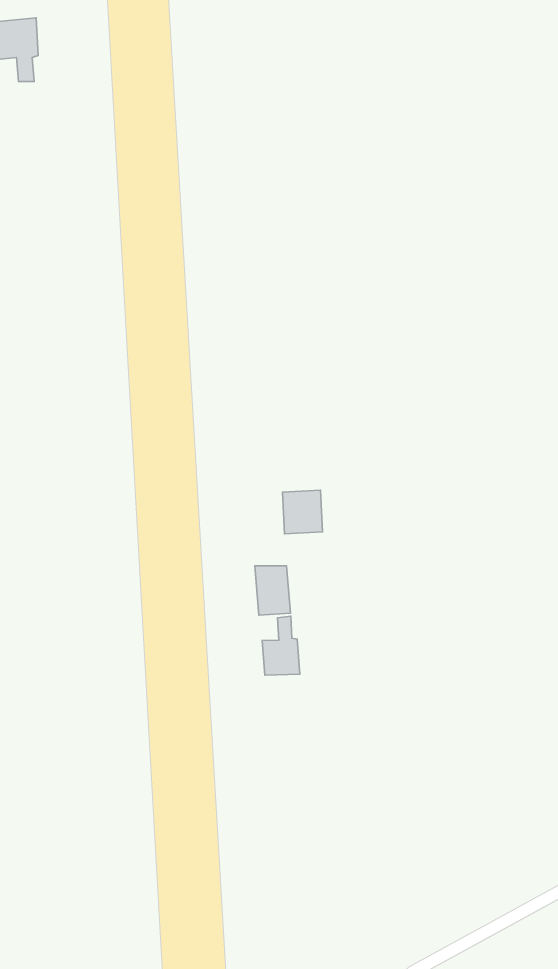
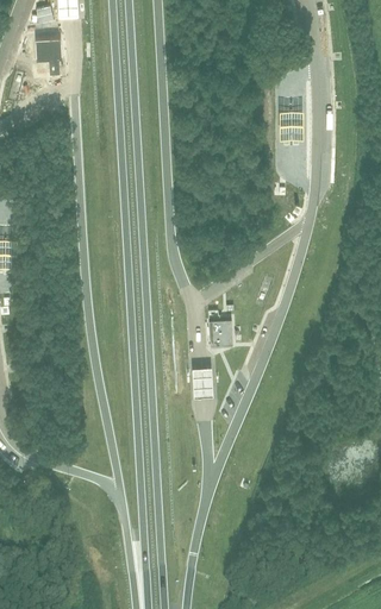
building: [262,616,300,675] -> none

